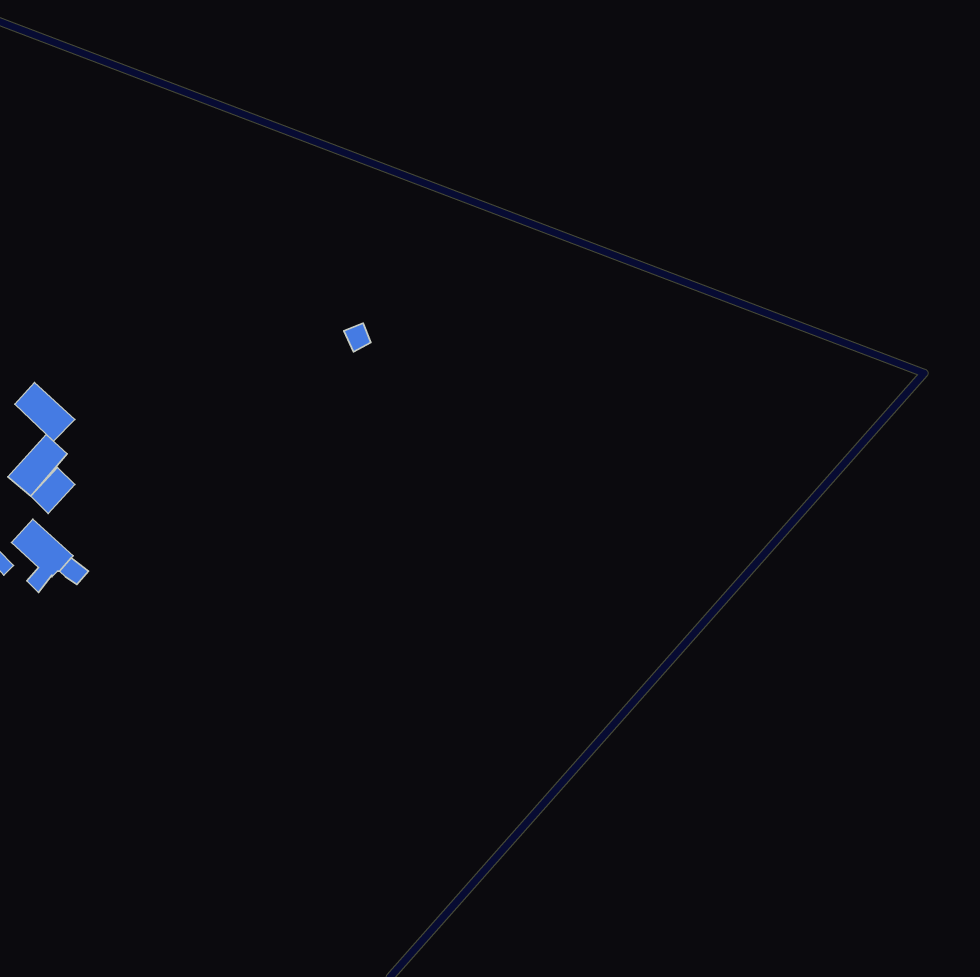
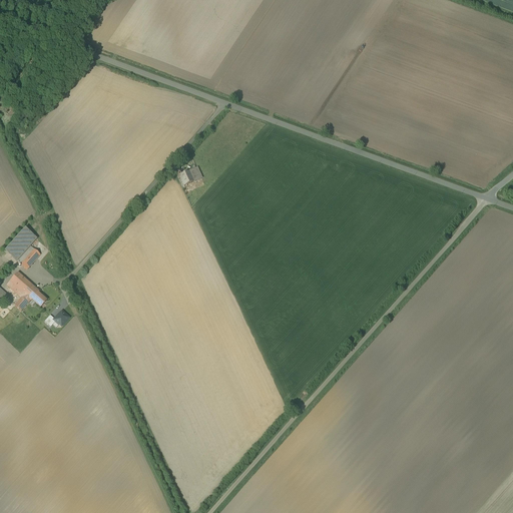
building: [15,383,75,441] -> none

